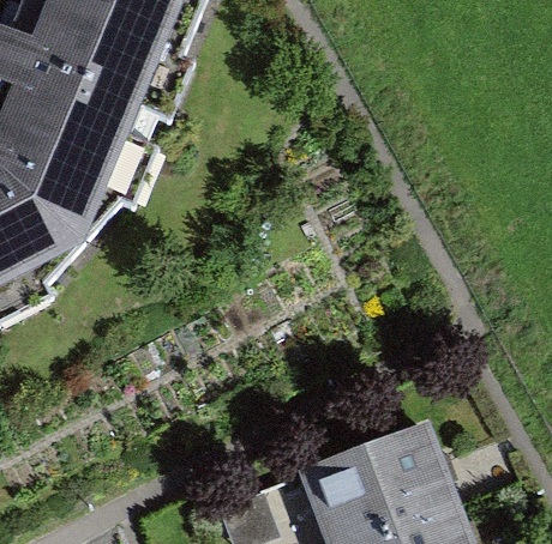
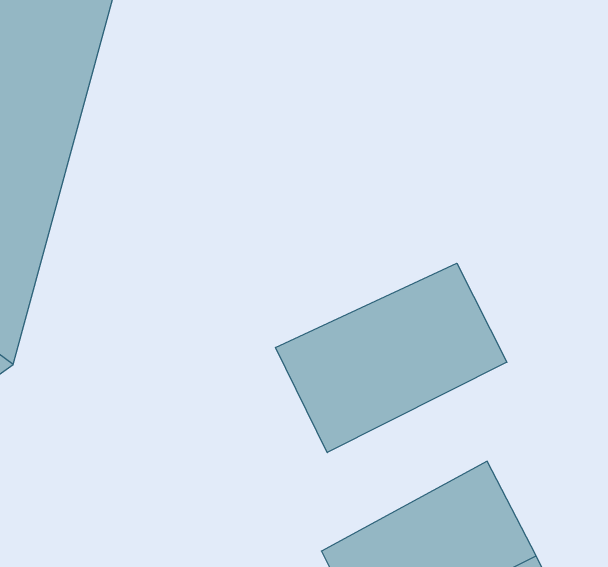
building: none -> [276,263,507,453]

